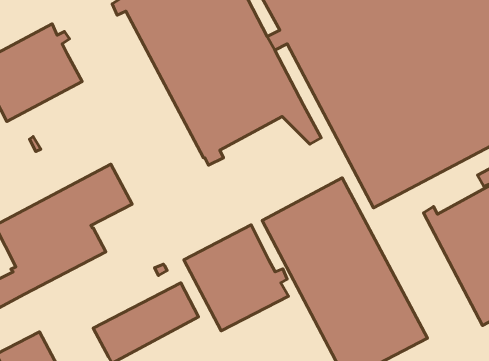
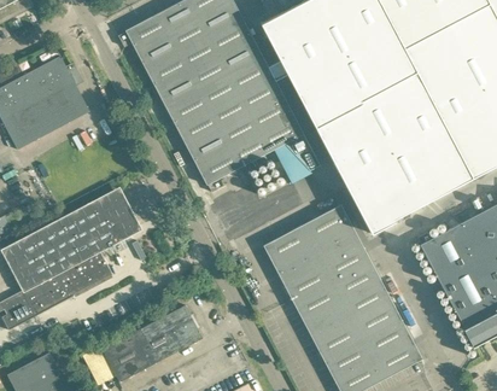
building: [184,225,288,331] -> none

